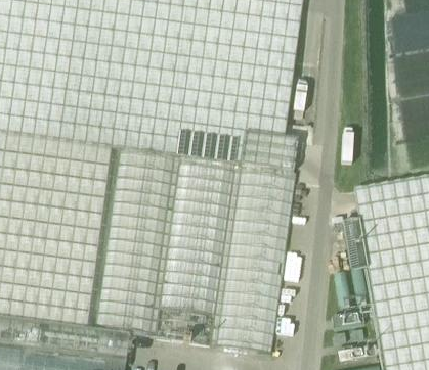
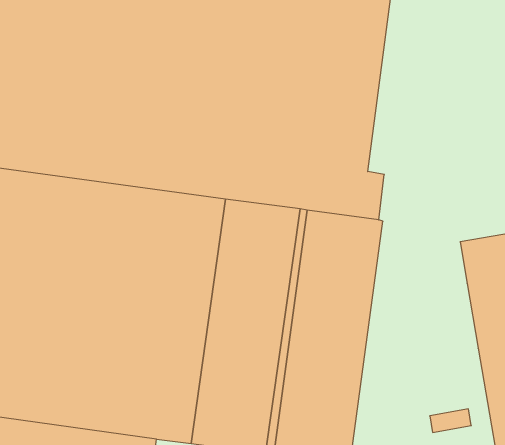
building: [342,217,367,268] -> none

